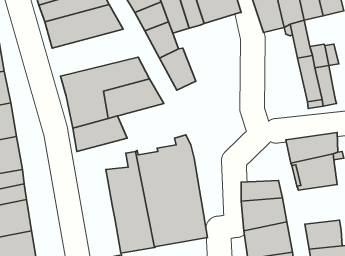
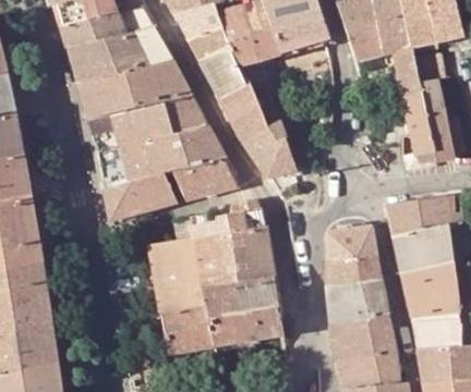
building: none -> [77,60,191,122]
building: none -> [242,123,294,179]
building: none -> [172,158,240,200]
building: none -> [327,226,376,261]
building: none -> [402,265,459,317]

